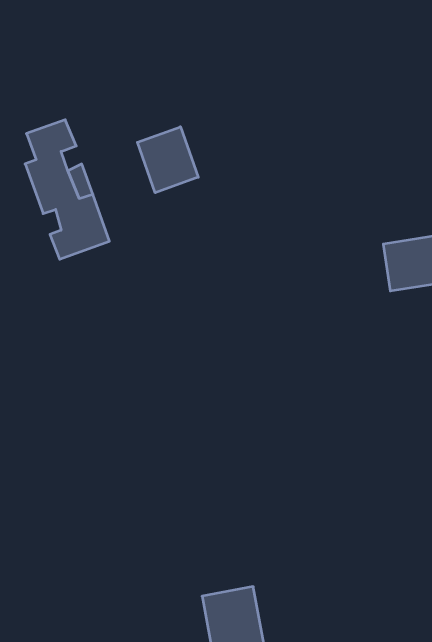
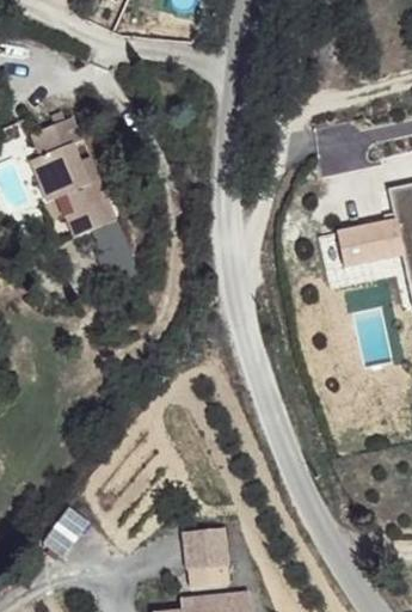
building: [137,127,198,193] -> none

